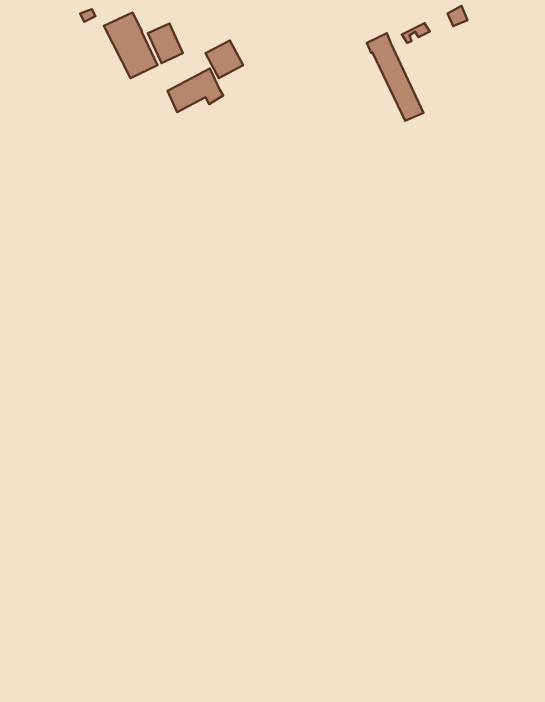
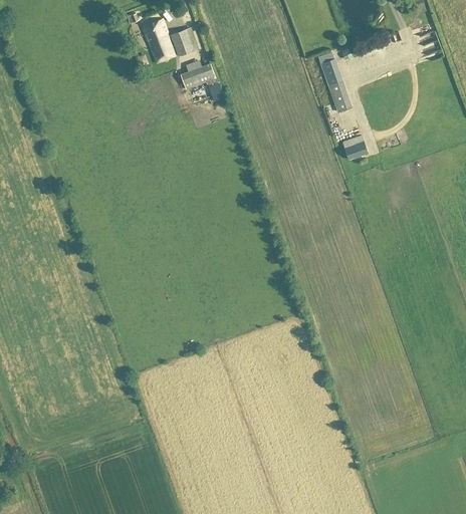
building: [206,40,243,78] -> none
building: none -> [341,134,367,159]

